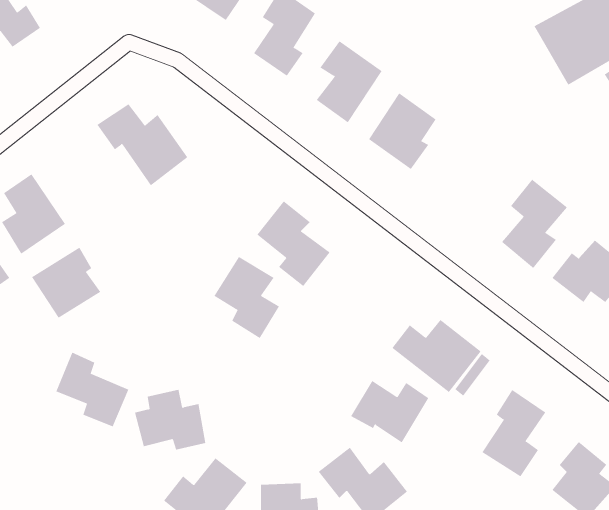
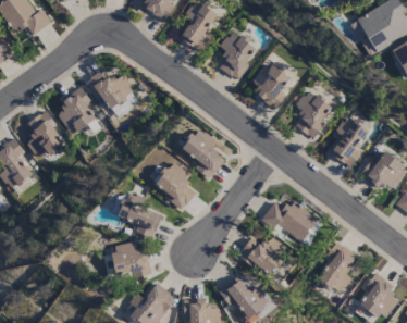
building: none -> [294,88,333,137]
building: [31,247,101,319] -> [53,90,96,134]
building: [55,352,129,427] -> [118,192,162,238]

